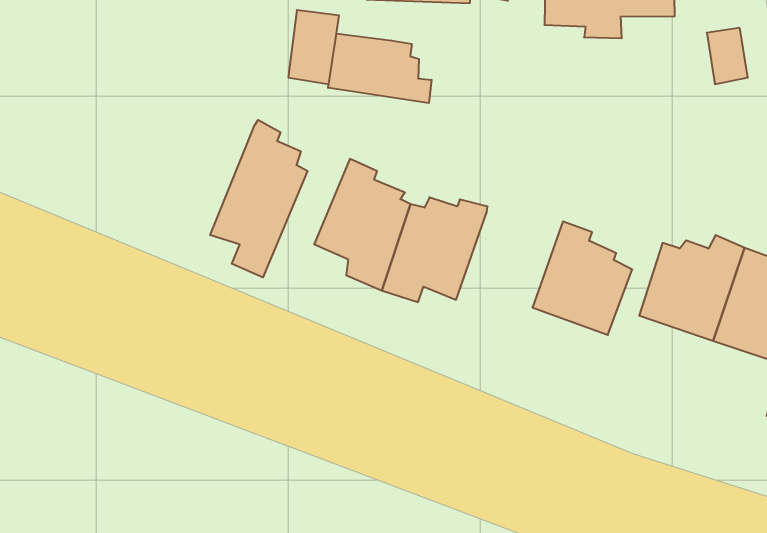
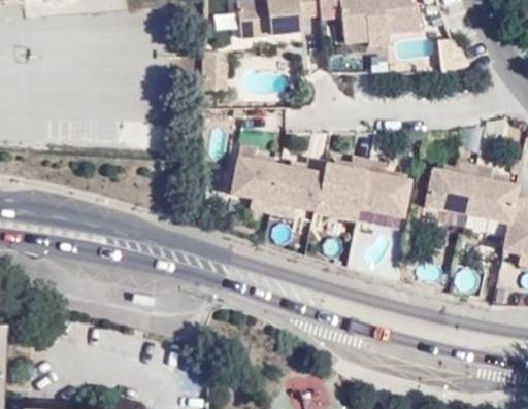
building: [328,34,432,103] -> none
building: [210,120,308,277] -> none
building: none -> [315,156,370,221]

